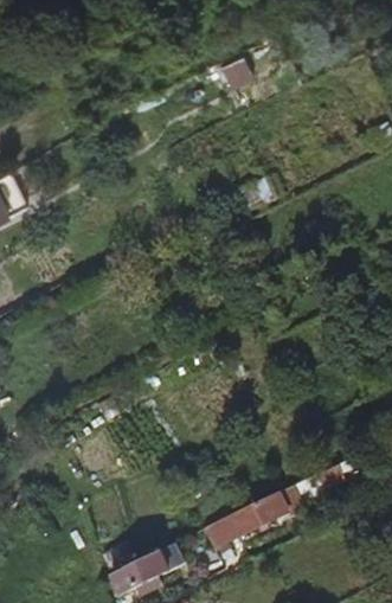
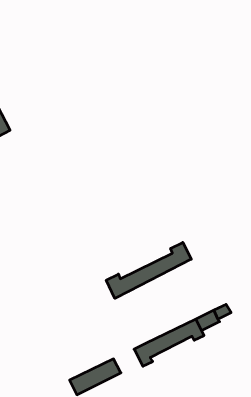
building: none -> [106,242,191,298]

